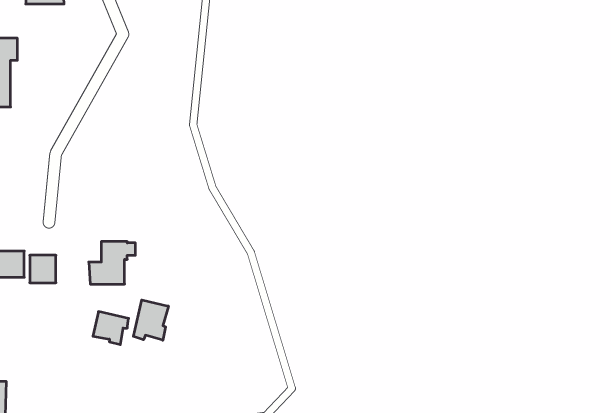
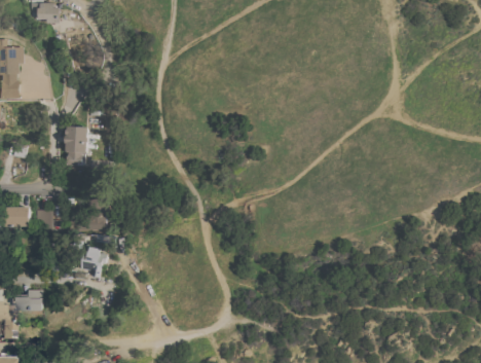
building: none -> [66,126,88,169]
building: [133,300,168,340] -> none
building: none -> [20,289,46,311]

